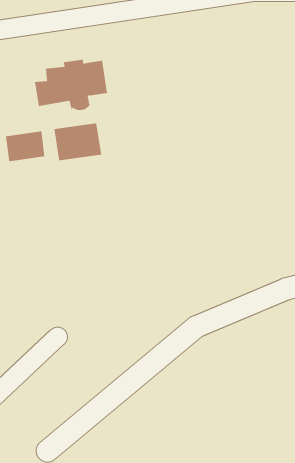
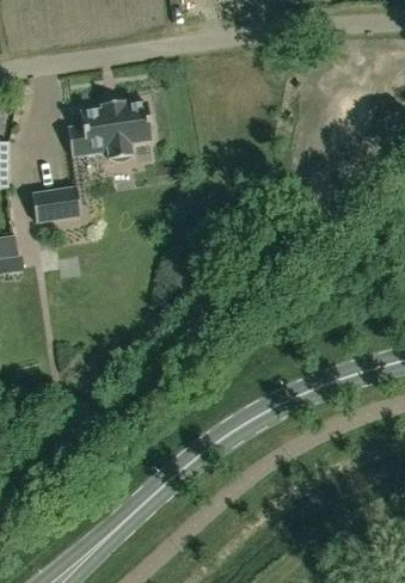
building: [54,122,102,161] -> none

